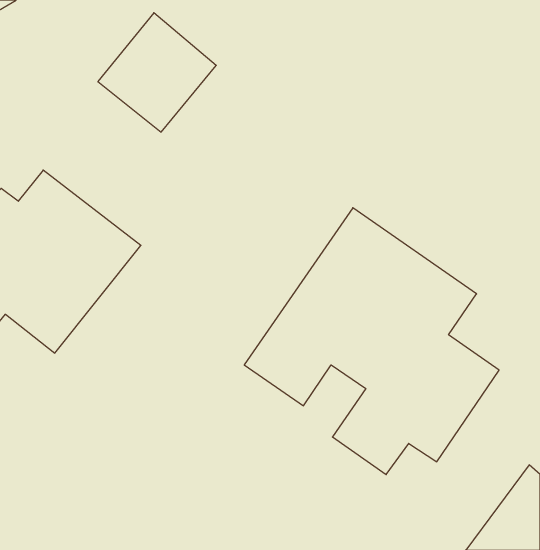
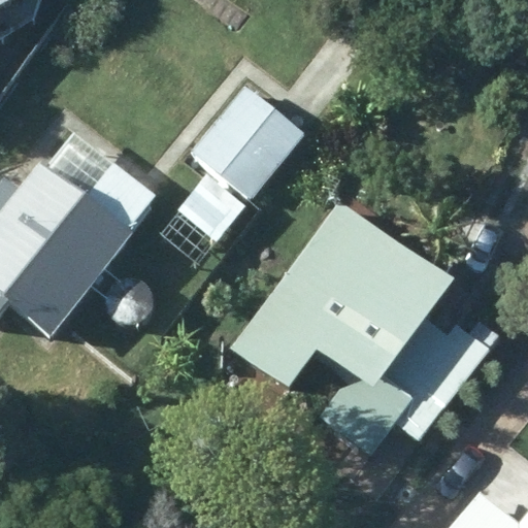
building: [98,13,216,132] -> [188,86,301,200]

